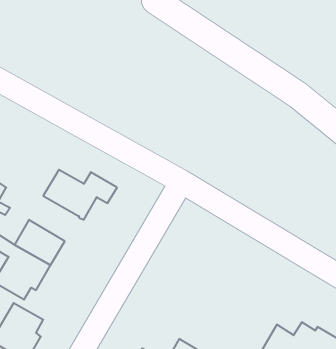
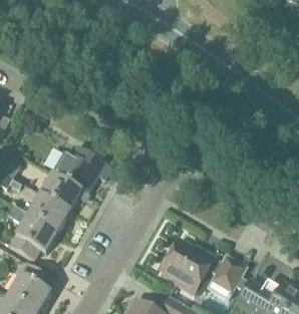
building: none -> [39,172,81,210]
building: none -> [161,240,246,293]

